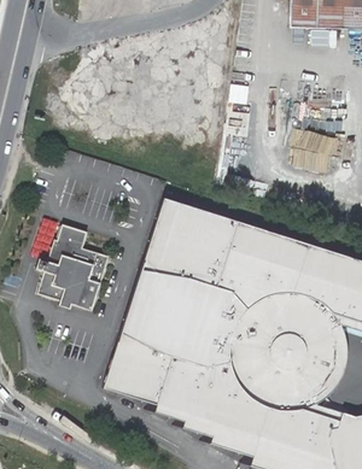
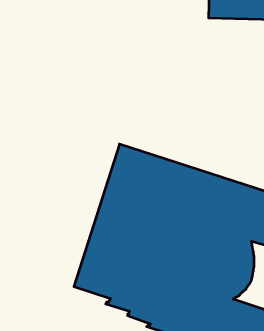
building: [34,225,106,310] -> none

